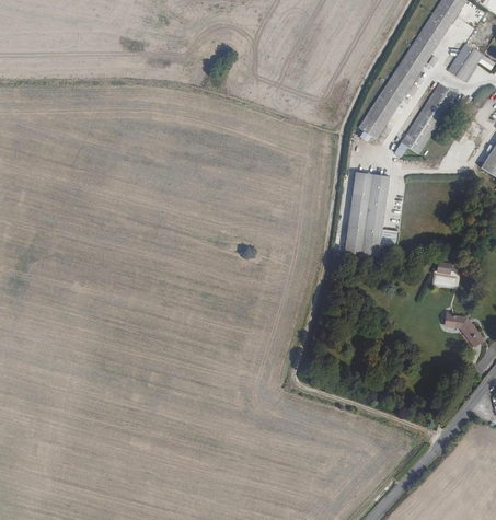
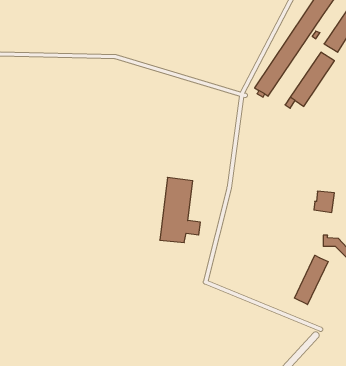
building: [345,173,397,257] -> [160,177,200,243]
building: none -> [295,255,328,305]

